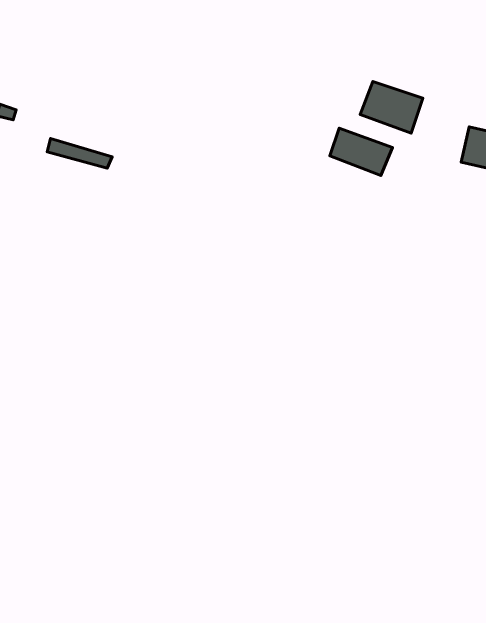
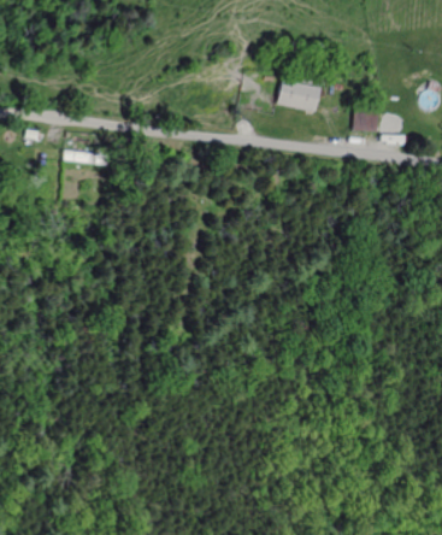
building: [330,128,392,176] -> none

